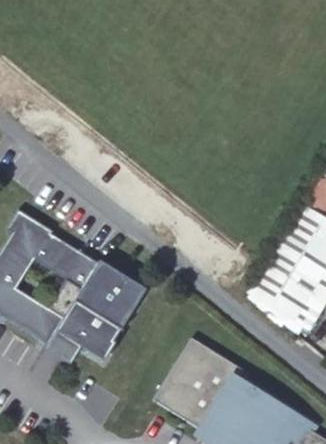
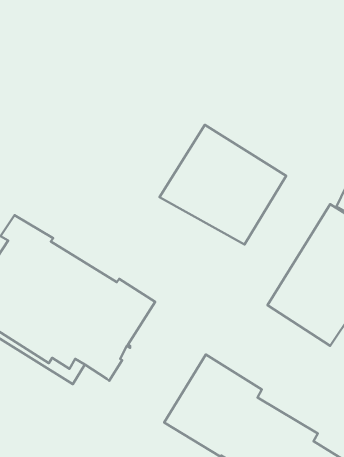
building: none -> [160,125,286,245]

